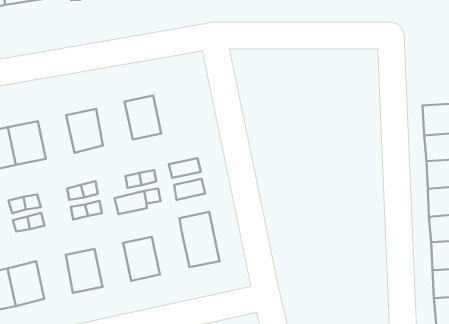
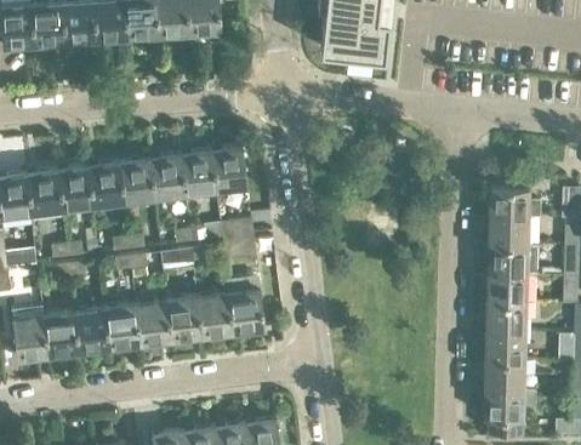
building: none -> [211,147,247,190]
building: none -> [150,154,186,198]
building: none -> [89,162,124,206]
building: none -> [196,293,233,337]
building: none -> [136,301,171,344]
building: none -> [74,308,109,352]

